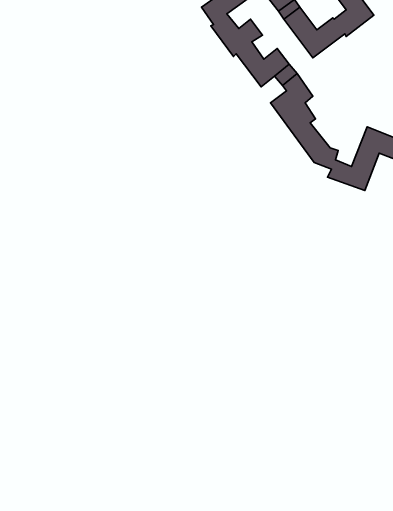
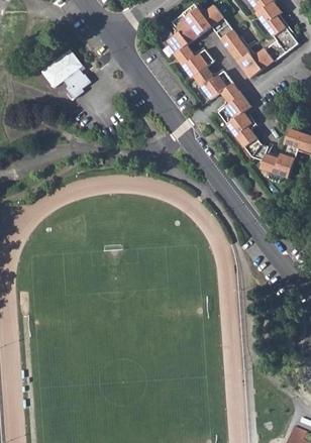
building: none -> [40,45,90,94]

